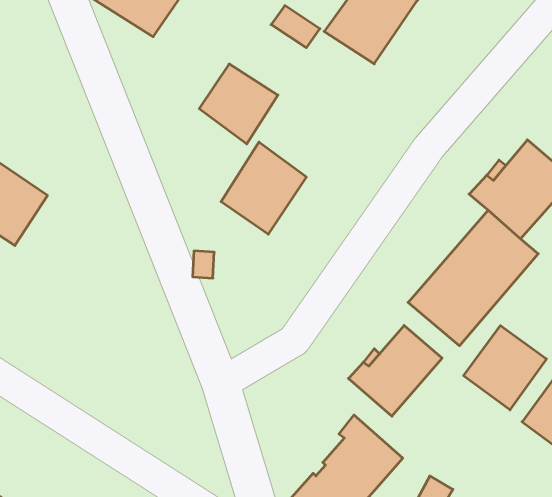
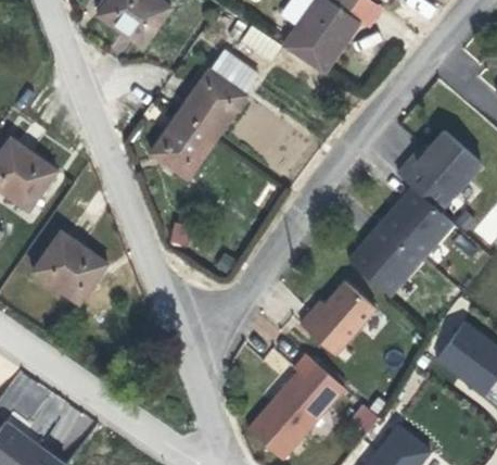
building: none -> [204,49,257,96]
building: [221,142,306,234] -> [150,106,218,180]
building: none -> [38,234,111,305]
building: [464,326,546,410] -> none

